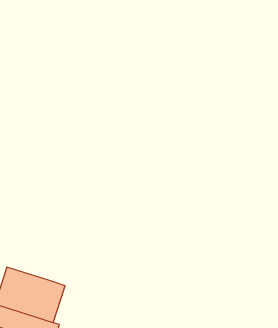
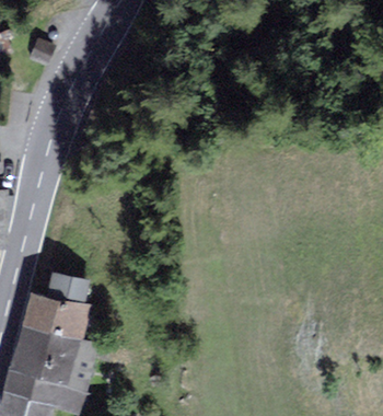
building: none -> [25,273,85,336]

